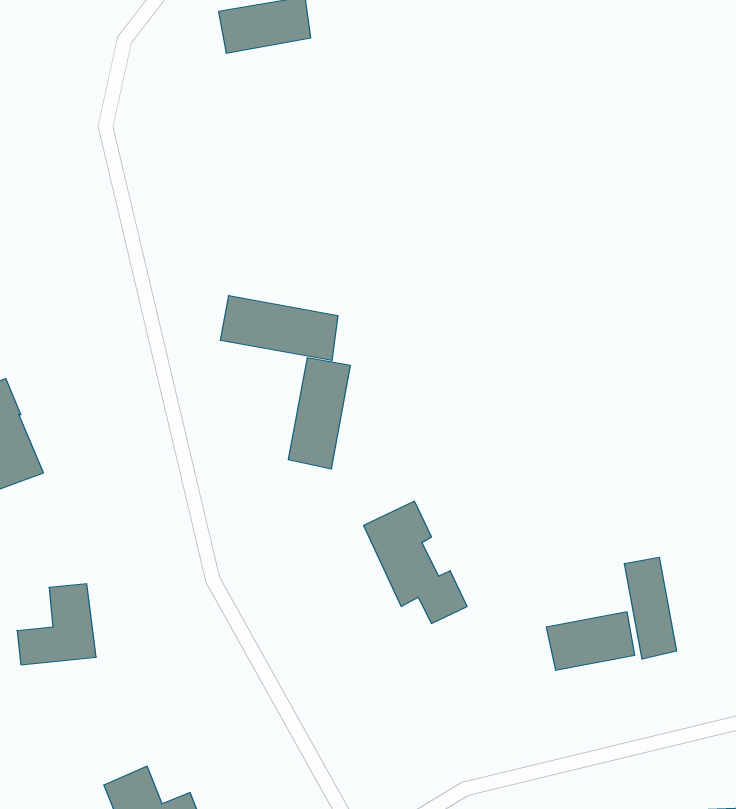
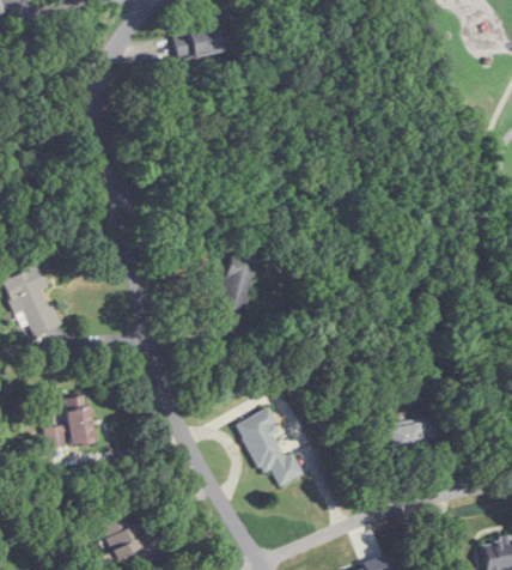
building: [220,295,338,361] -> none
building: [364,501,467,623] -> [237,408,303,486]
building: [624,557,676,659] -> none

